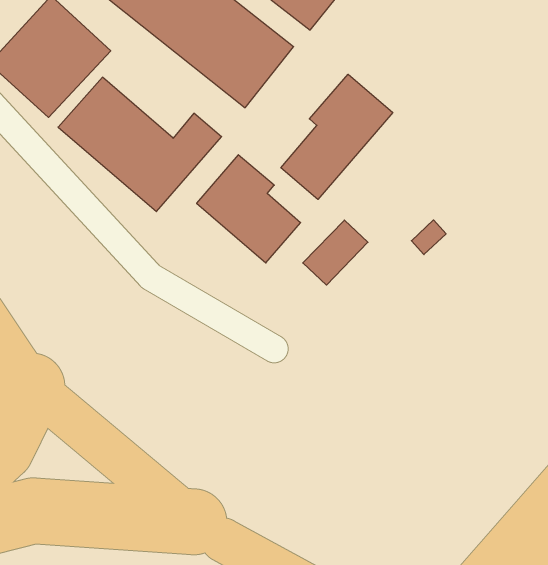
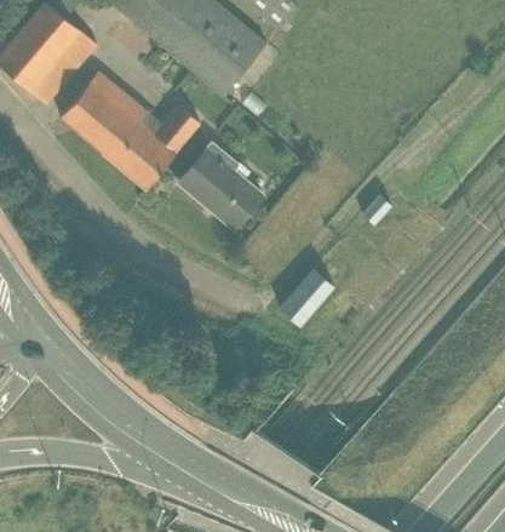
building: [281,74,393,199] -> none
building: [303,220,368,285] -> [283,267,340,324]

